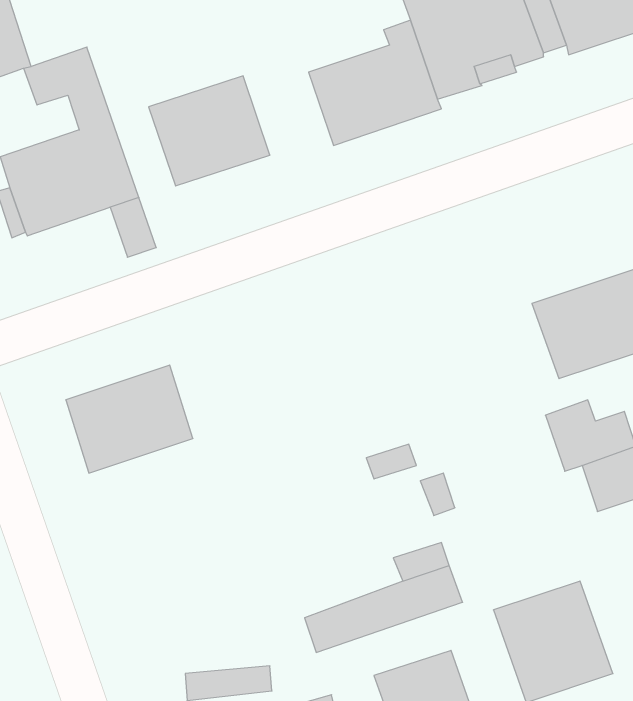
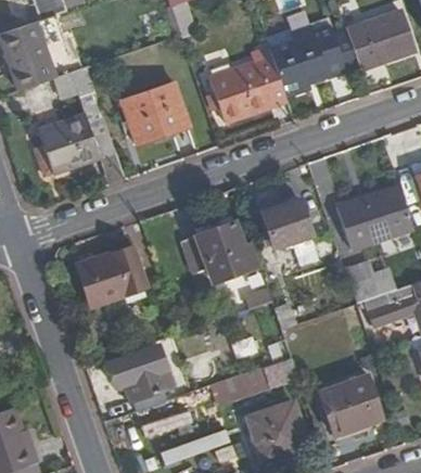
building: none -> [264,194,330,248]
building: none -> [183,221,264,283]
building: none -> [107,346,171,411]

